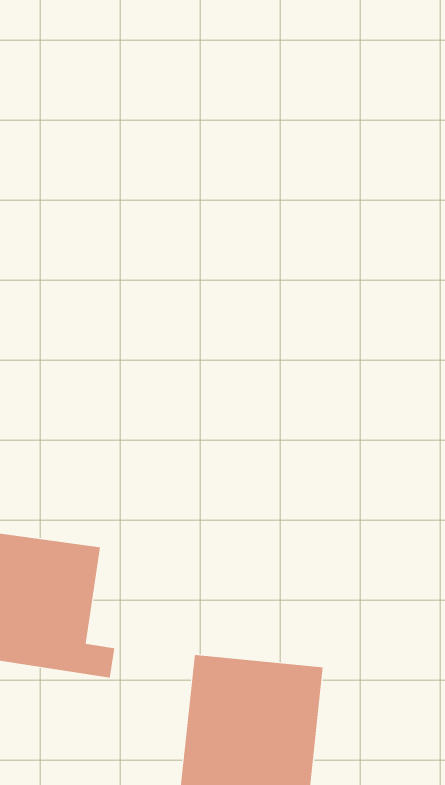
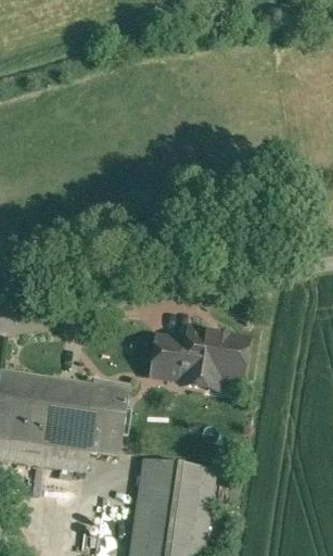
building: none -> [143,320,259,384]
building: none -> [68,381,129,456]

